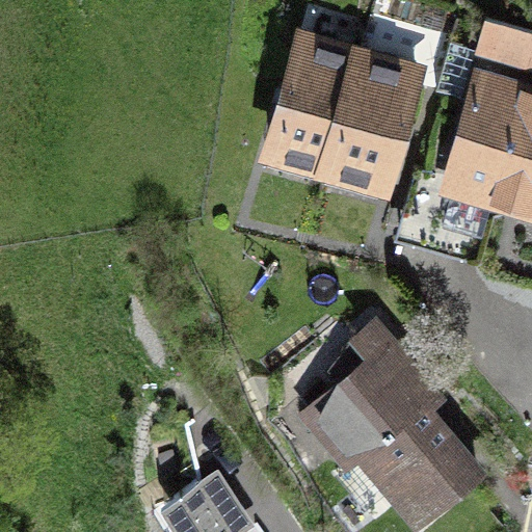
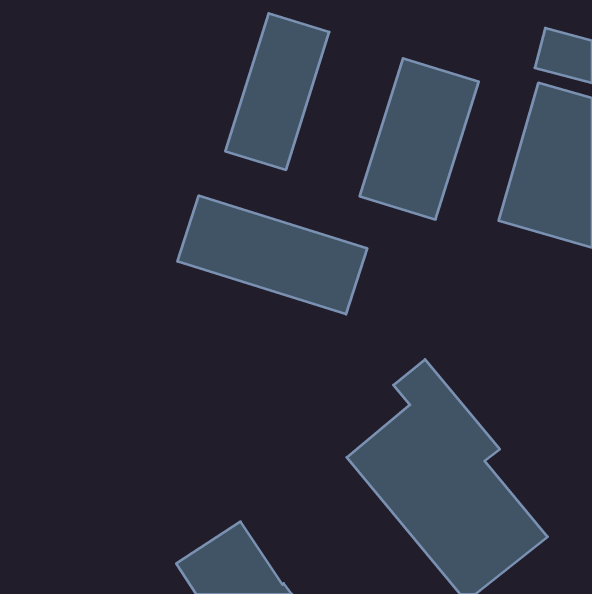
building: [266,35,358,175] -> [225,13,329,170]
building: none -> [178,196,367,314]

